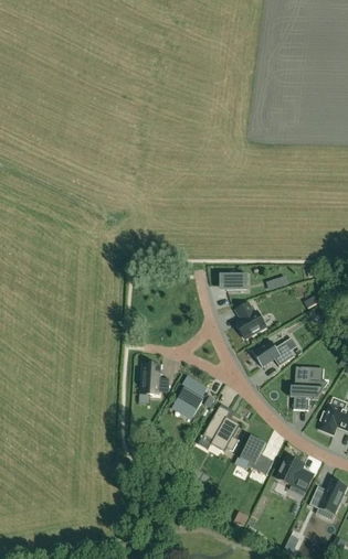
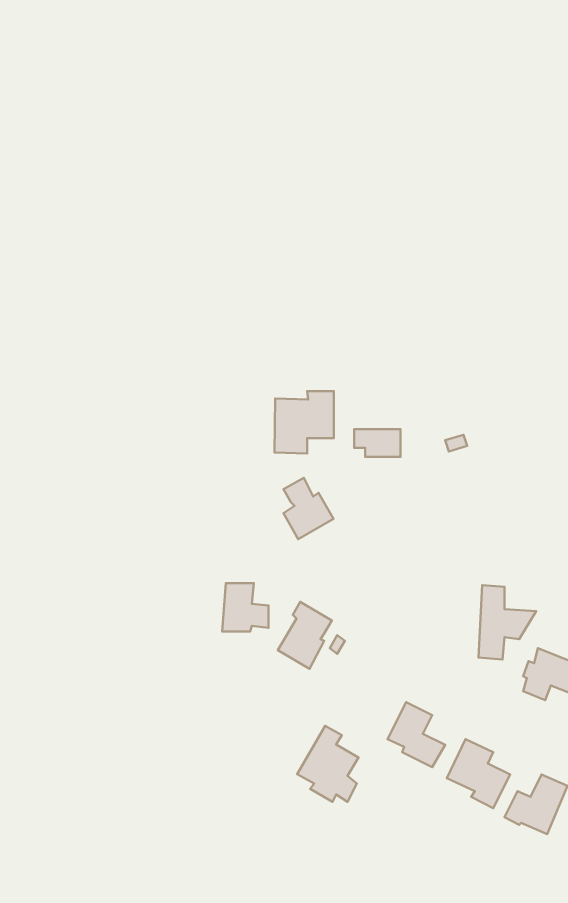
building: none -> [274,391,334,454]
building: [235,302,265,338] -> [283,478,334,539]
building: [252,340,294,367] -> none
building: [202,406,239,451] -> [297,726,359,802]

